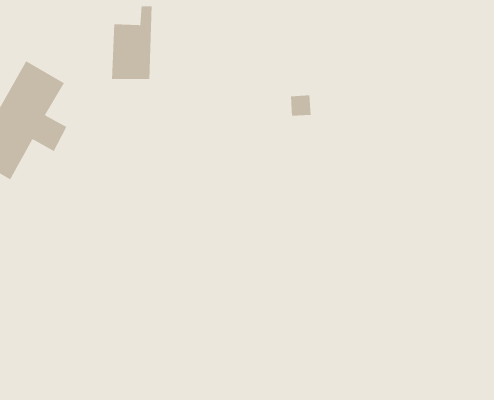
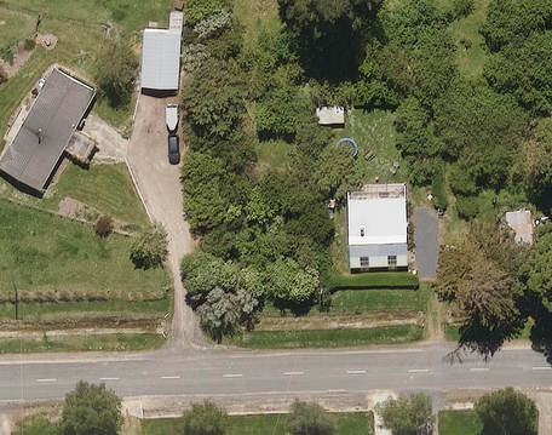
building: none -> [347,183,407,267]

